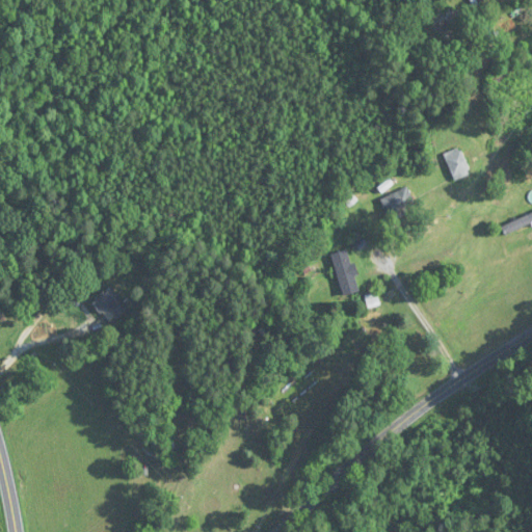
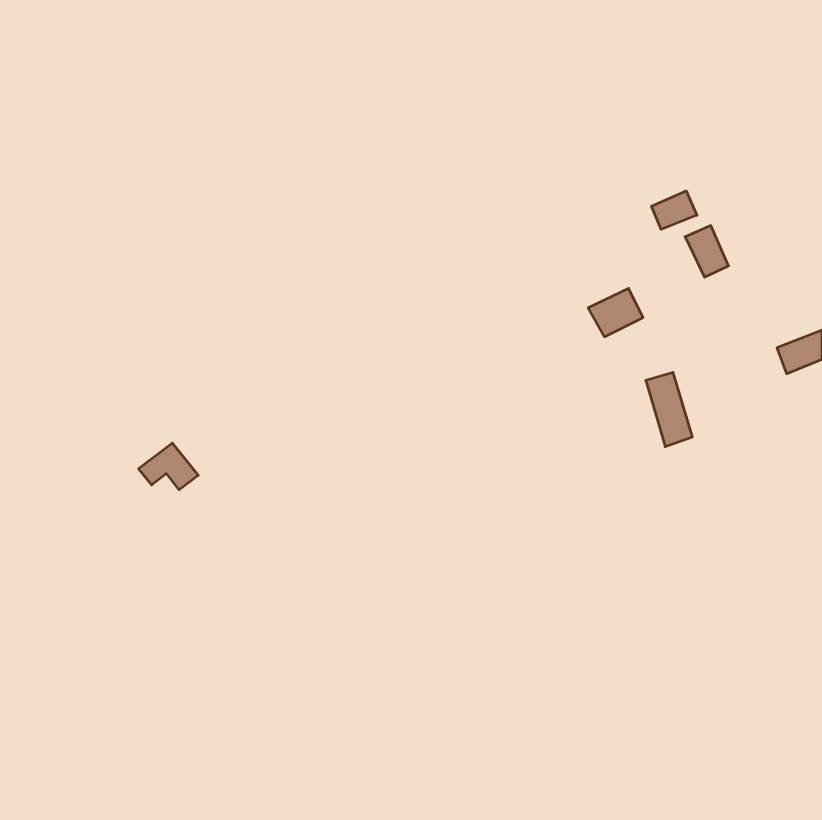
building: none -> [652,191,697,229]
building: [329,247,360,295] -> [646,372,692,447]

